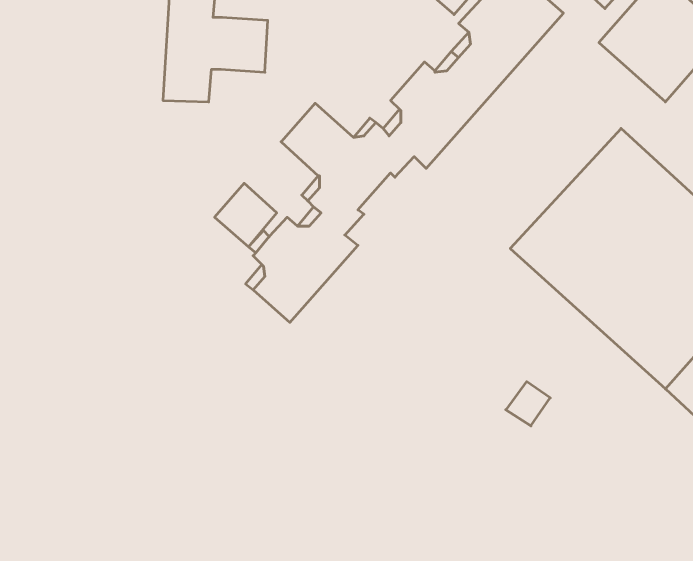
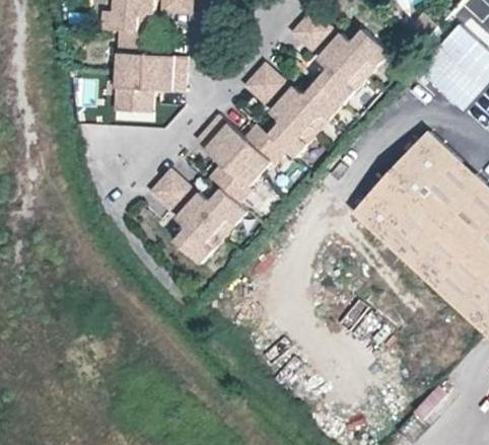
building: none -> [244,62,287,105]

